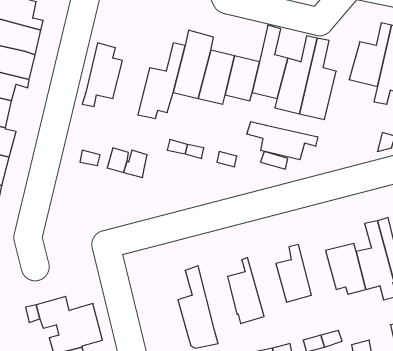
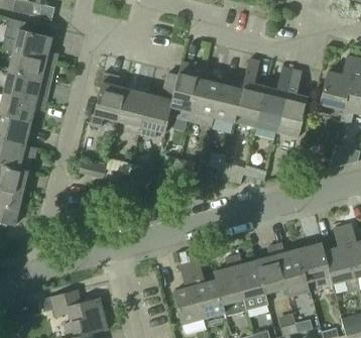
building: none -> [116,88,147,134]
building: [247,122,318,160] -> none
building: none -> [274,244,309,298]
building: none -> [231,254,264,300]
building: none -> [189,261,225,319]

